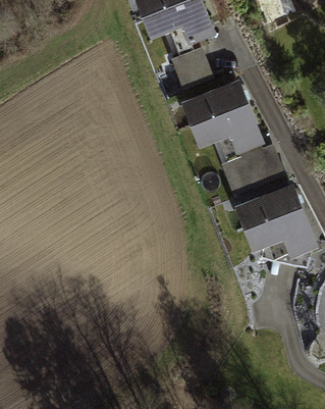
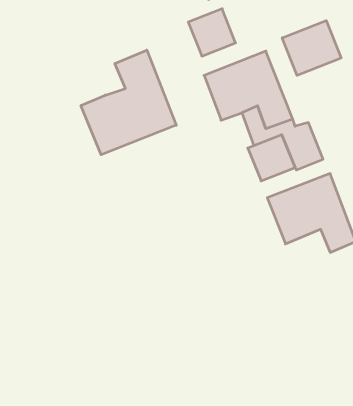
building: none -> [282,21,341,75]
building: none -> [81,50,176,155]

